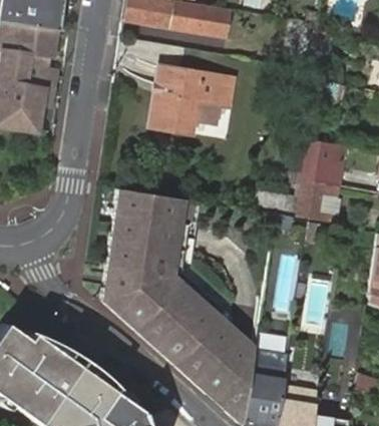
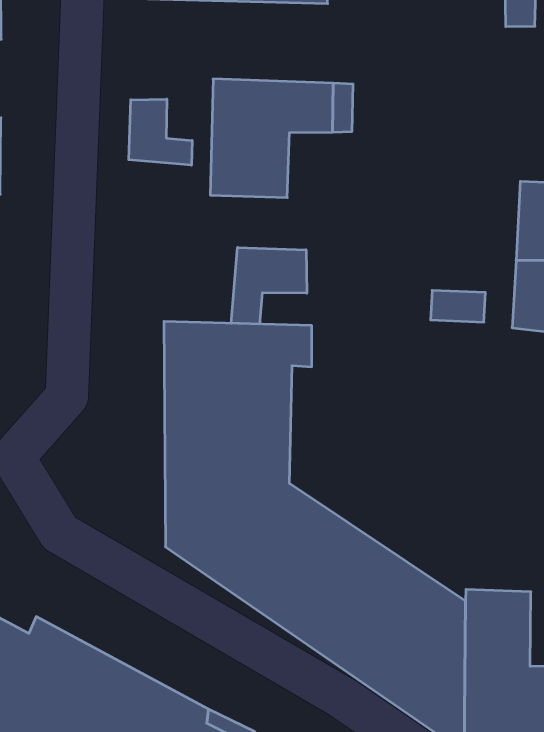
building: none -> [129,99,192,165]
building: none -> [231,247,307,324]

